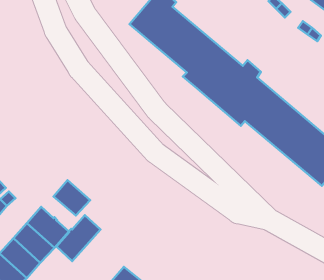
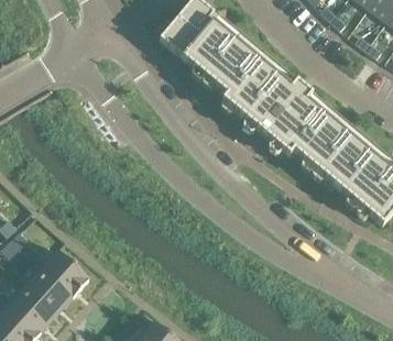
building: [53,180,90,216] -> none
building: [56,215,101,261] -> none

